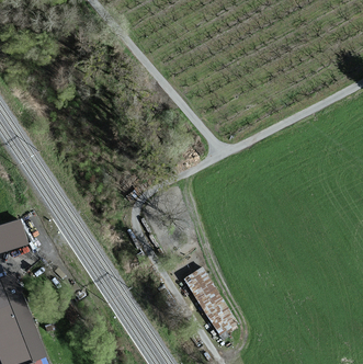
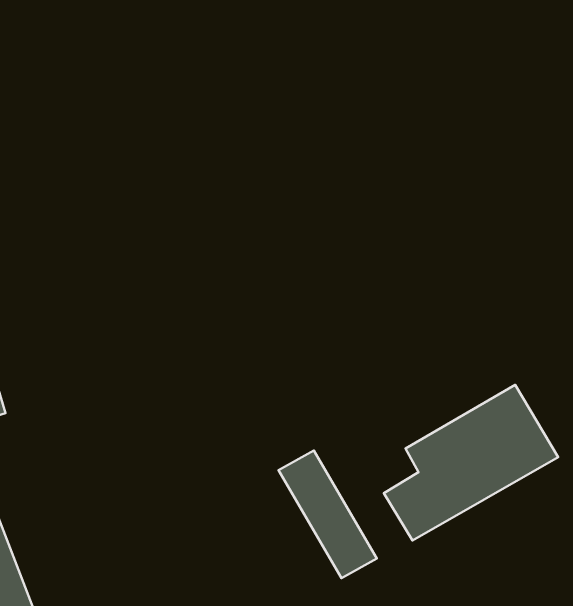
building: none -> [384,385,558,540]

